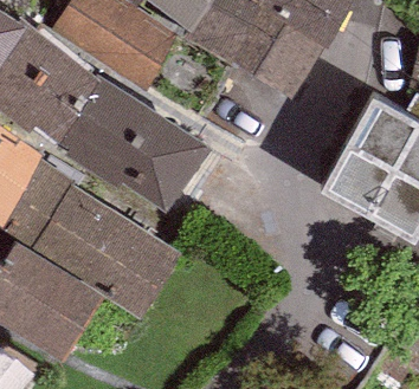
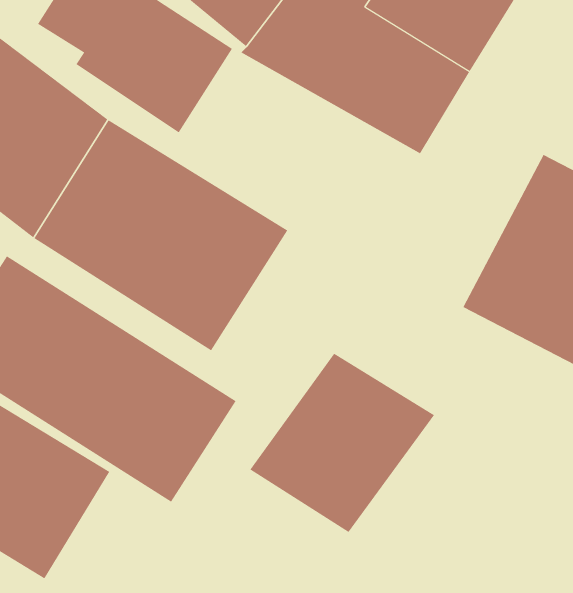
building: none -> [249,353,435,533]

